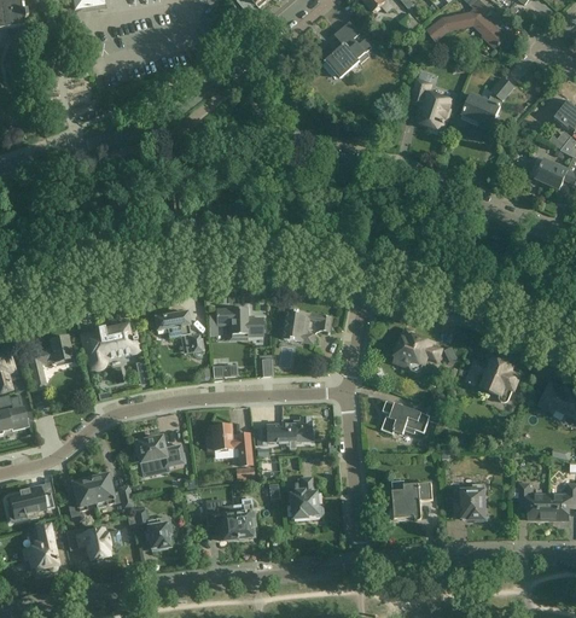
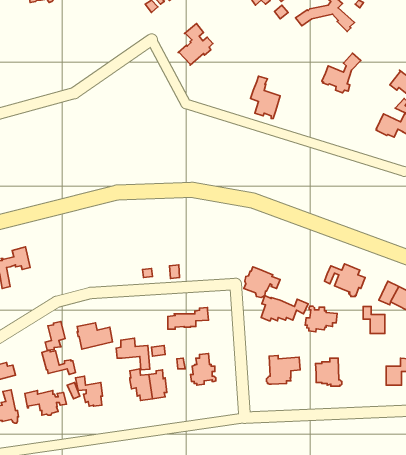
building: [325,21,371,76] -> [178,24,213,65]
building: [411,71,450,128] -> [250,76,280,119]
building: [283,305,331,342] -> none
building: [215,307,262,336] -> none
building: [153,310,200,350] -> none
building: [80,322,139,367] -> none
building: [392,331,441,372] -> [244,267,280,297]
building: none -> [305,306,337,332]
building: [205,422,250,465] -> [116,338,150,370]
building: [68,476,94,514] -> [45,321,65,350]
building: [518,483,547,519] -> [363,306,385,334]

